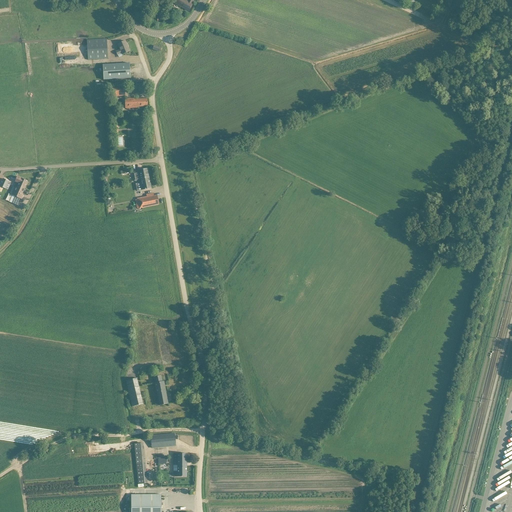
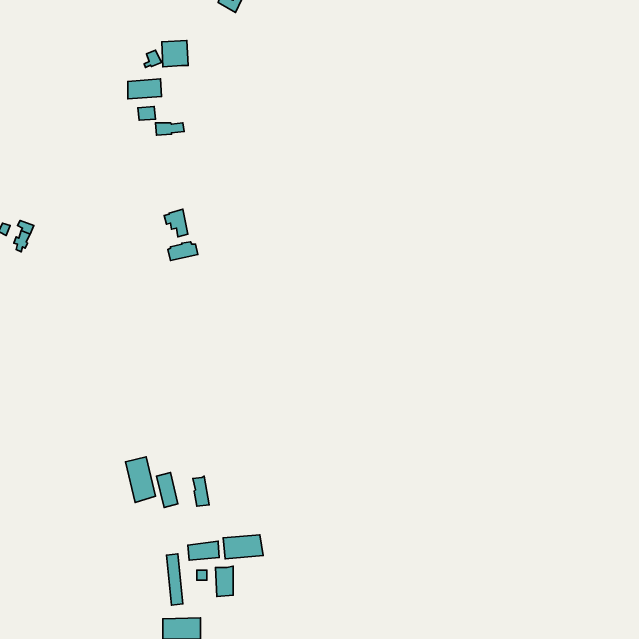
building: [86,38,107,59] -> [162,41,188,67]
building: none -> [125,457,156,503]
building: none -> [223,535,263,559]

